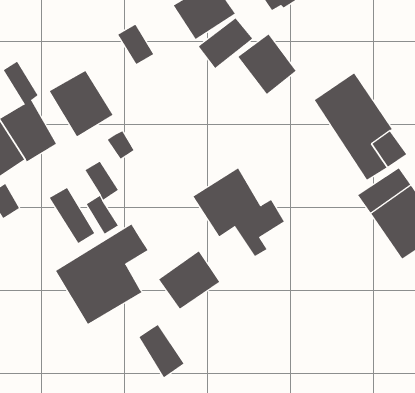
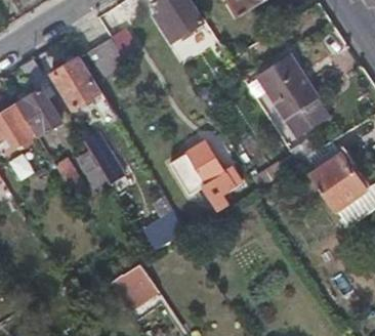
building: [238,33,297,95] -> none
building: none -> [87,39,126,78]
building: [55,224,149,325] -> none

